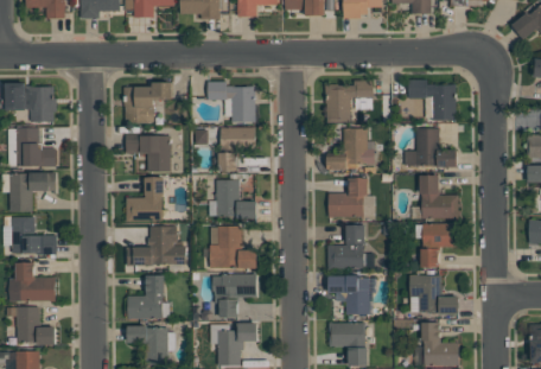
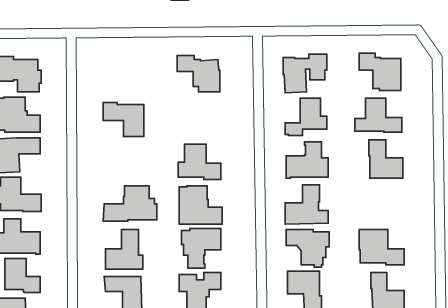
building: [123,82,173,123] -> none
building: [218,127,256,170] -> none
building: [126,176,164,221] -> none
building: [421,222,454,266] -> none

